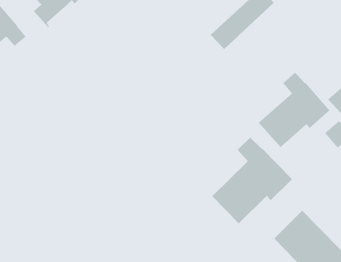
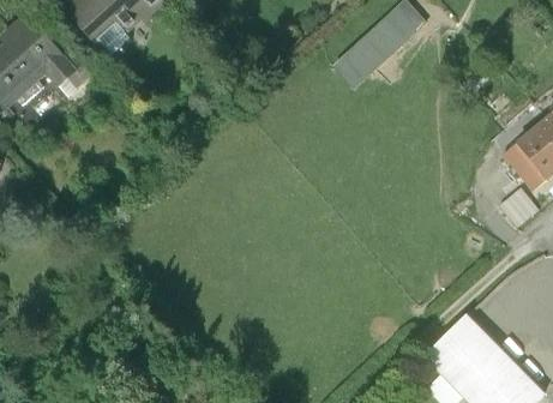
building: [258,72,330,148] -> none
building: [211,137,293,224] -> none

